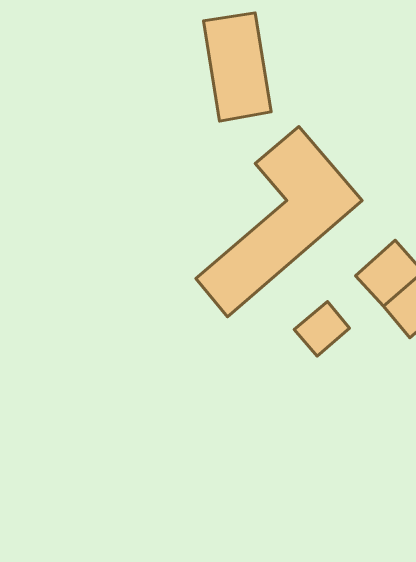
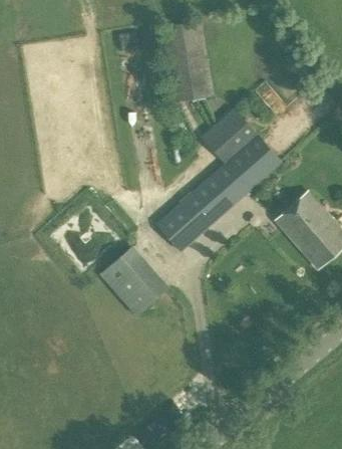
building: [294,301,350,356] -> none
building: none -> [100,247,167,316]

